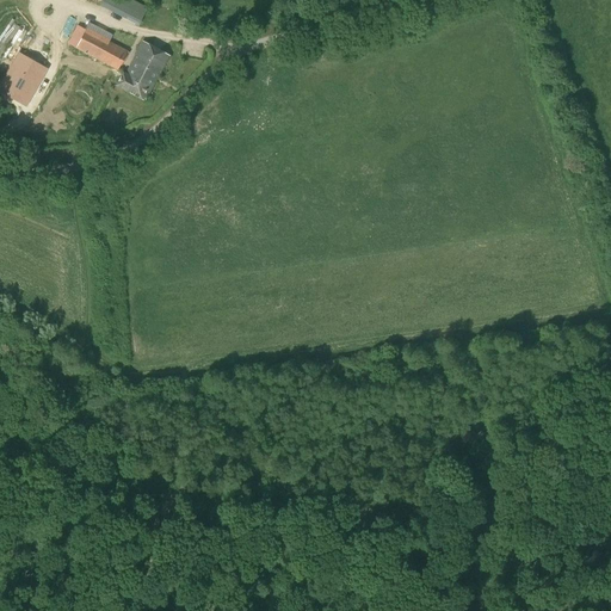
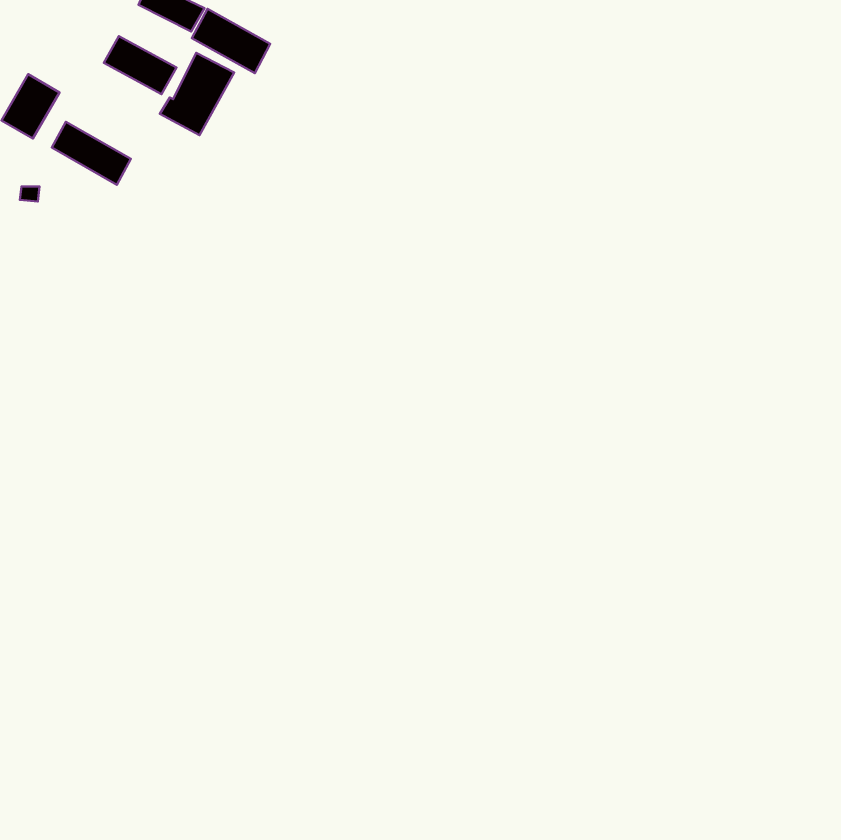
building: none -> [192,9,270,73]
building: none -> [52,122,131,185]

